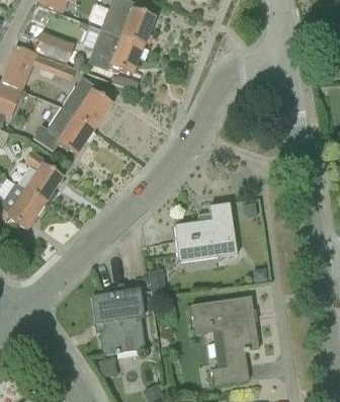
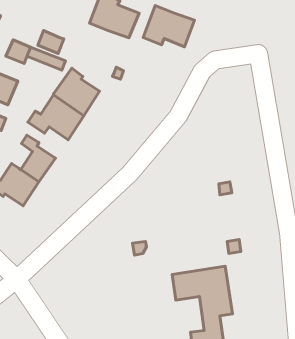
building: [87,27,144,73] -> [143,5,195,47]
building: [173,202,237,256] -> none
building: [91,289,144,353] -> none

